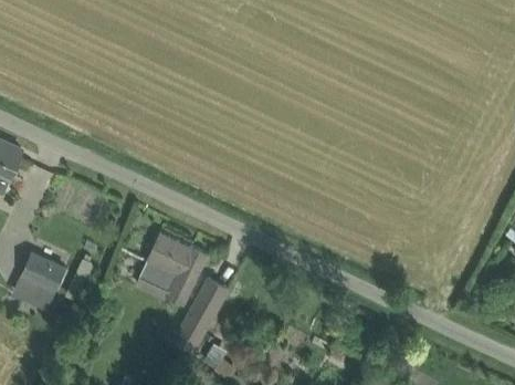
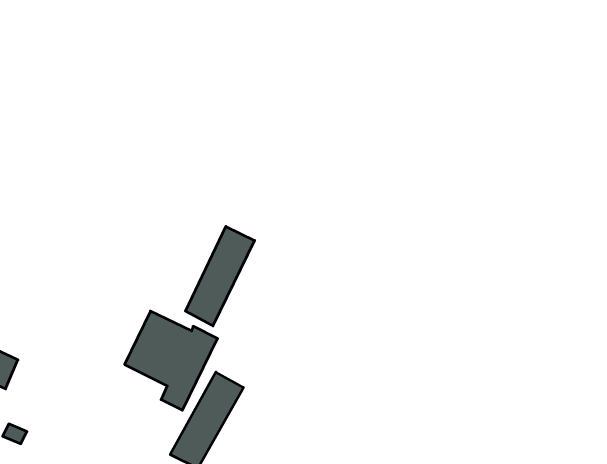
building: none -> [185,226,255,326]

